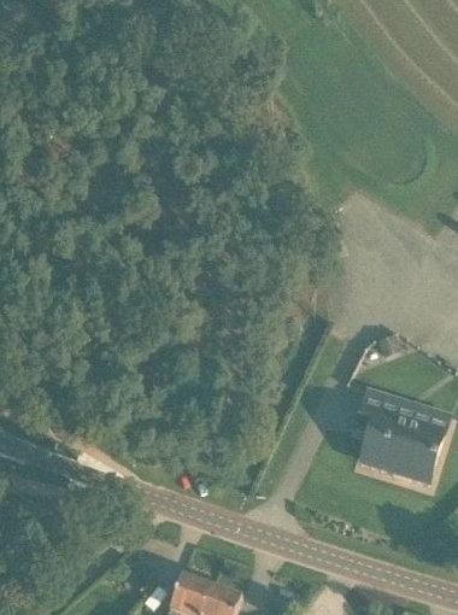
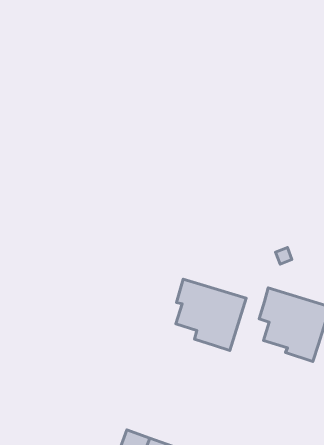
building: none -> [176,279,246,351]

